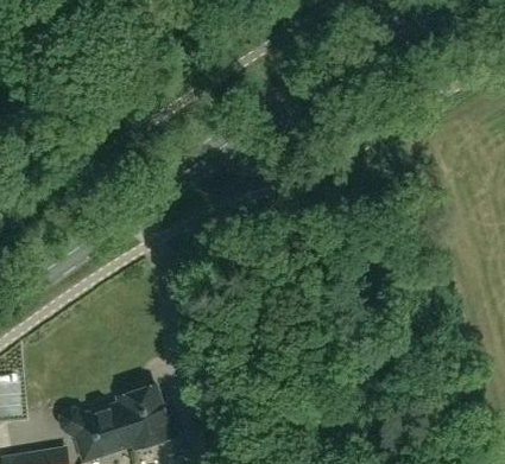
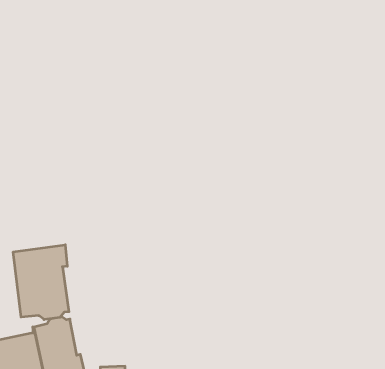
building: none -> [13,245,69,320]

